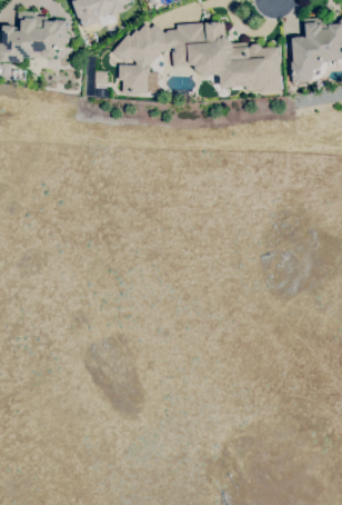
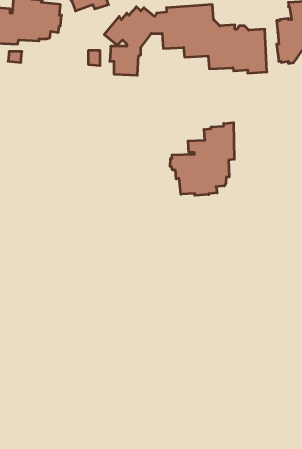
building: none -> [170,123,234,195]

